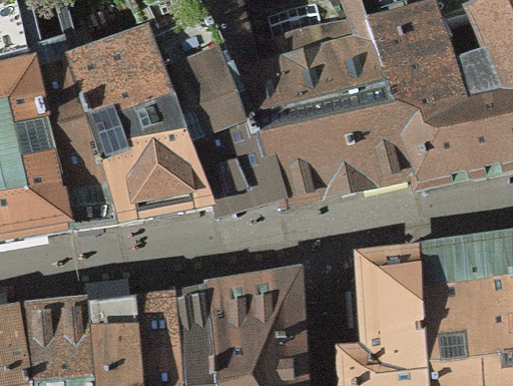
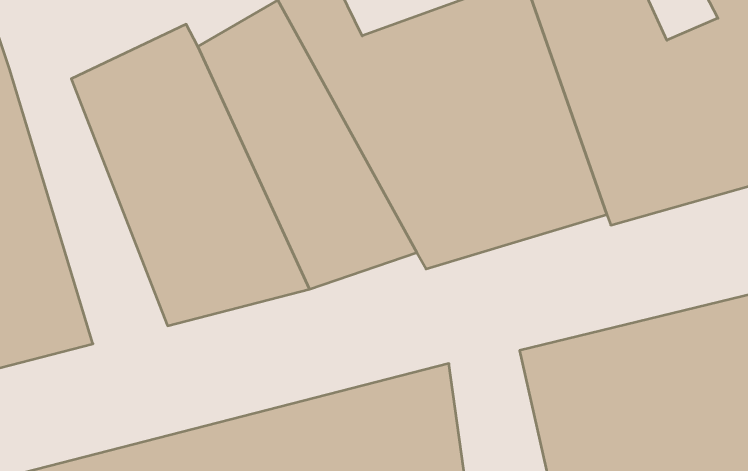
building: [31,37,117,229] -> none

